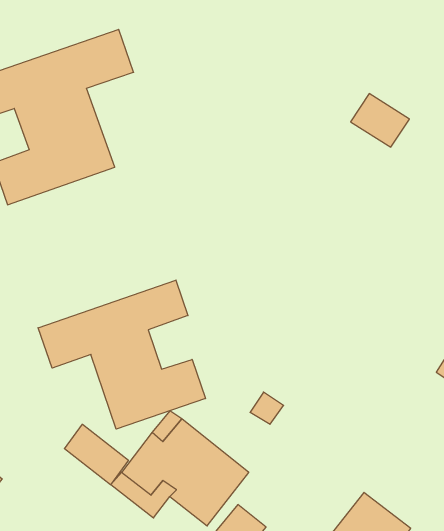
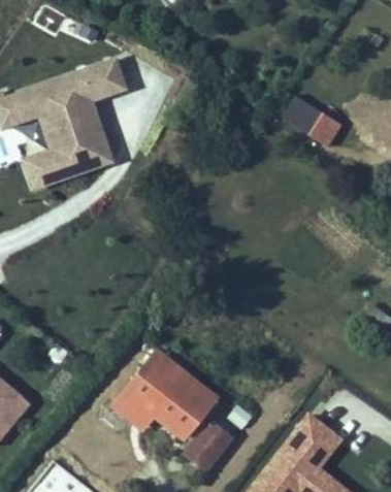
building: [38,280,205,429] -> none
building: [64,424,128,485] -> none

